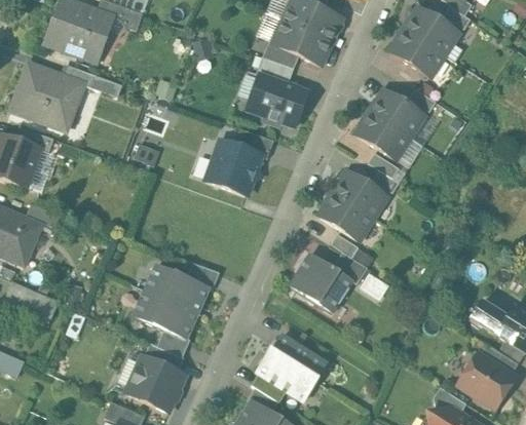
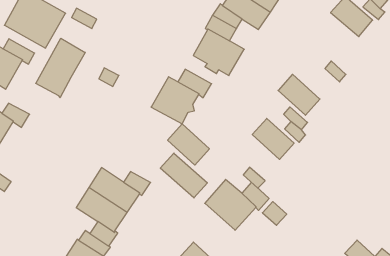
building: [391,31,444,77] -> none
building: [371,90,423,138] -> none
building: none -> [36,38,85,98]
building: [320,194,372,241] -> [168,124,209,165]
building: none -> [160,153,207,198]

